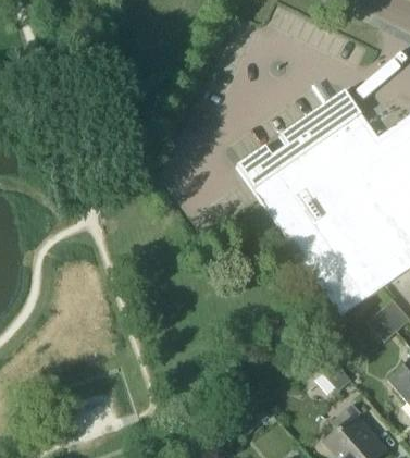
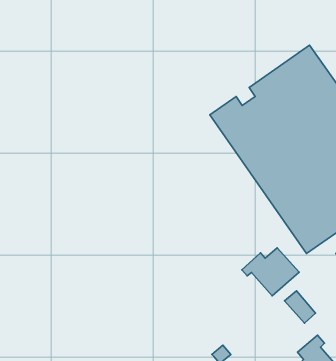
building: none -> [242,248,299,296]

